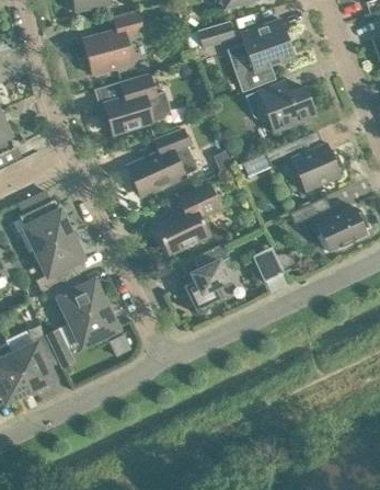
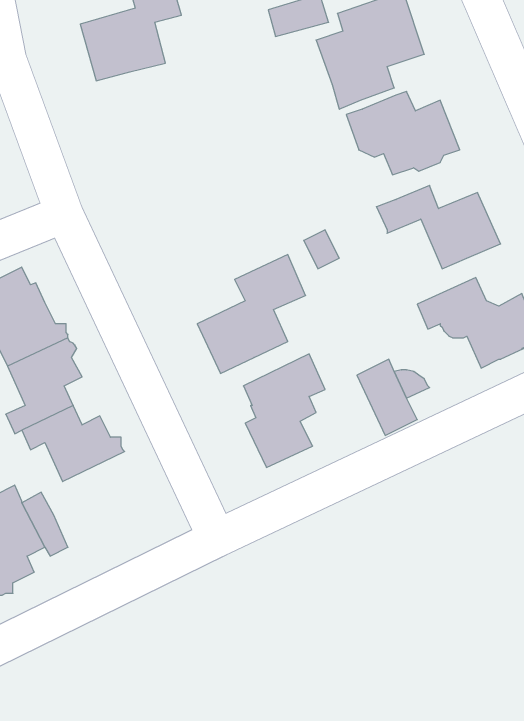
building: [103,72,170,134] -> none
building: [127,129,197,195] -> none
building: [70,304,116,345] -> none

